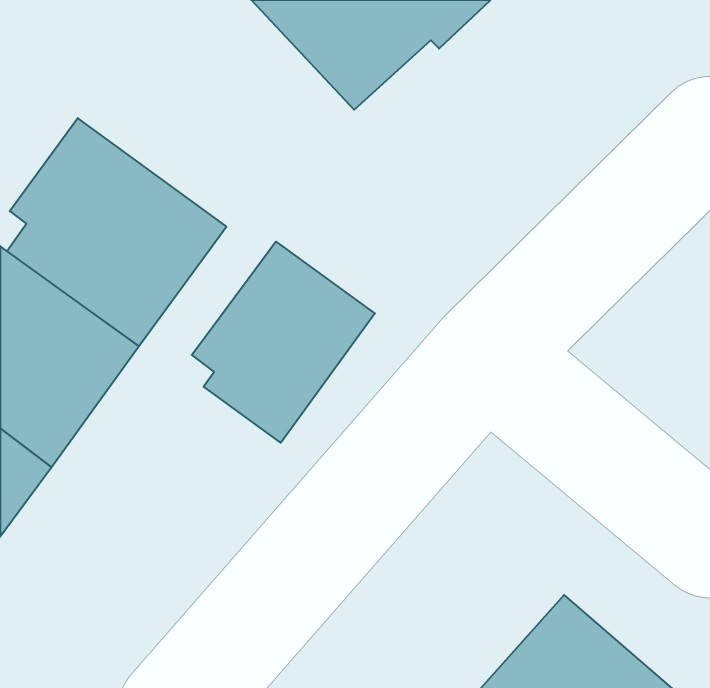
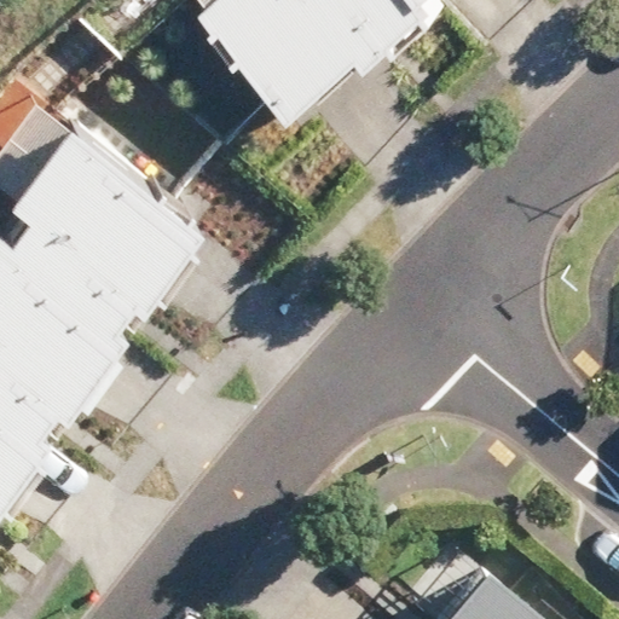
building: [192,242,375,443] -> none

